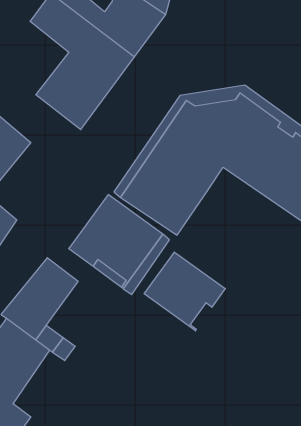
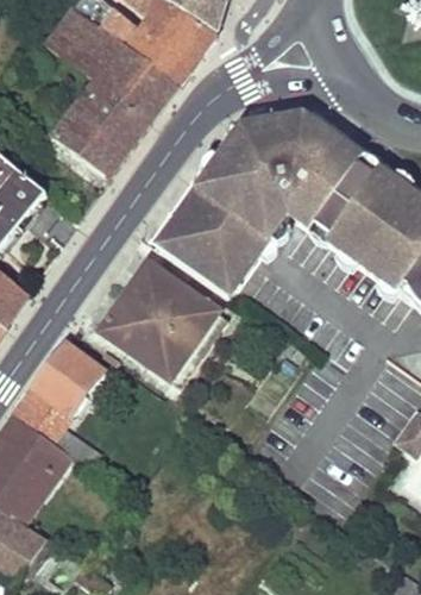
building: [144,252,225,331] -> none

